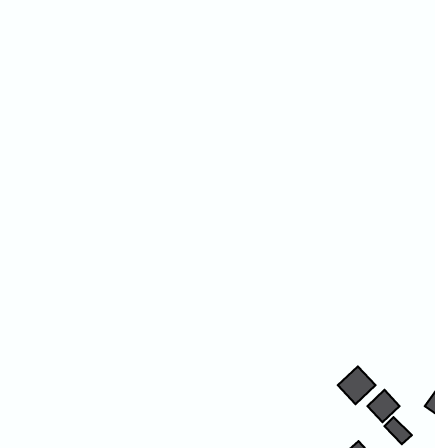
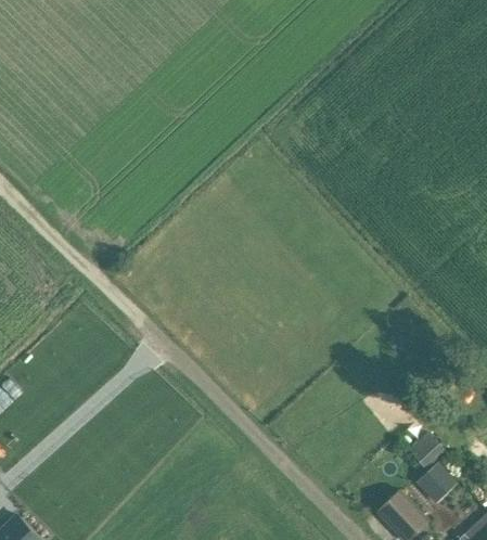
building: [338,366,376,404] -> none

